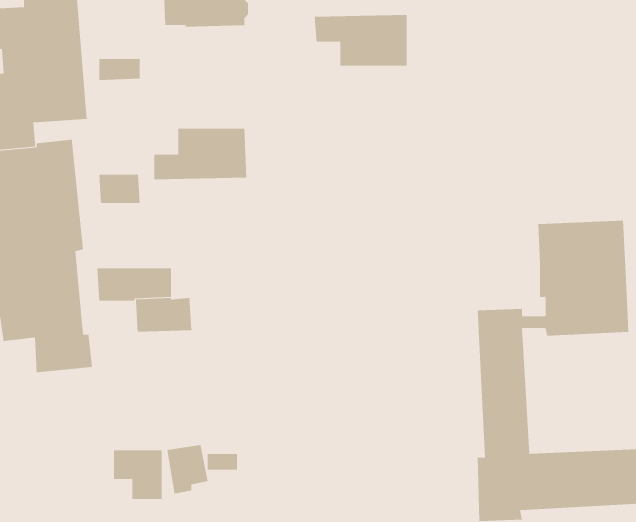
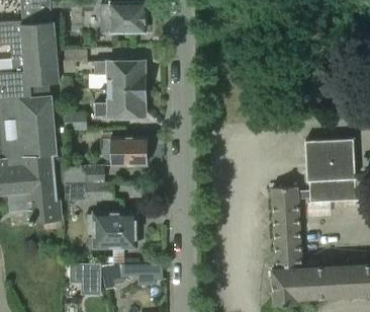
building: [314,15,408,66] -> [93,60,145,88]
building: none -> [101,137,149,165]
building: none -> [87,214,137,248]

